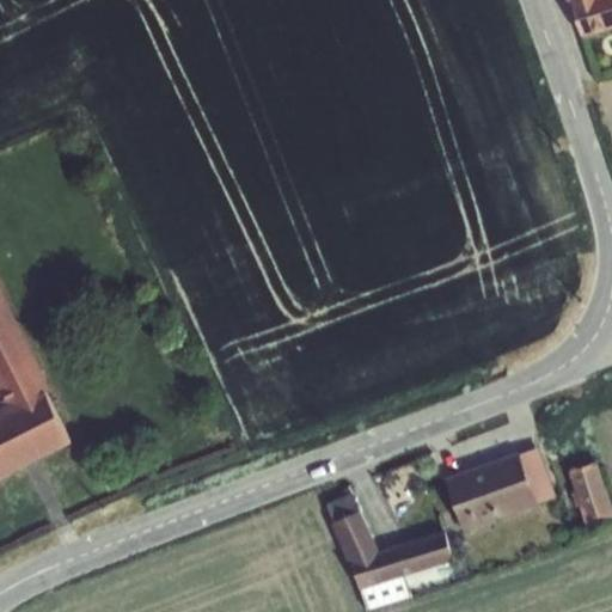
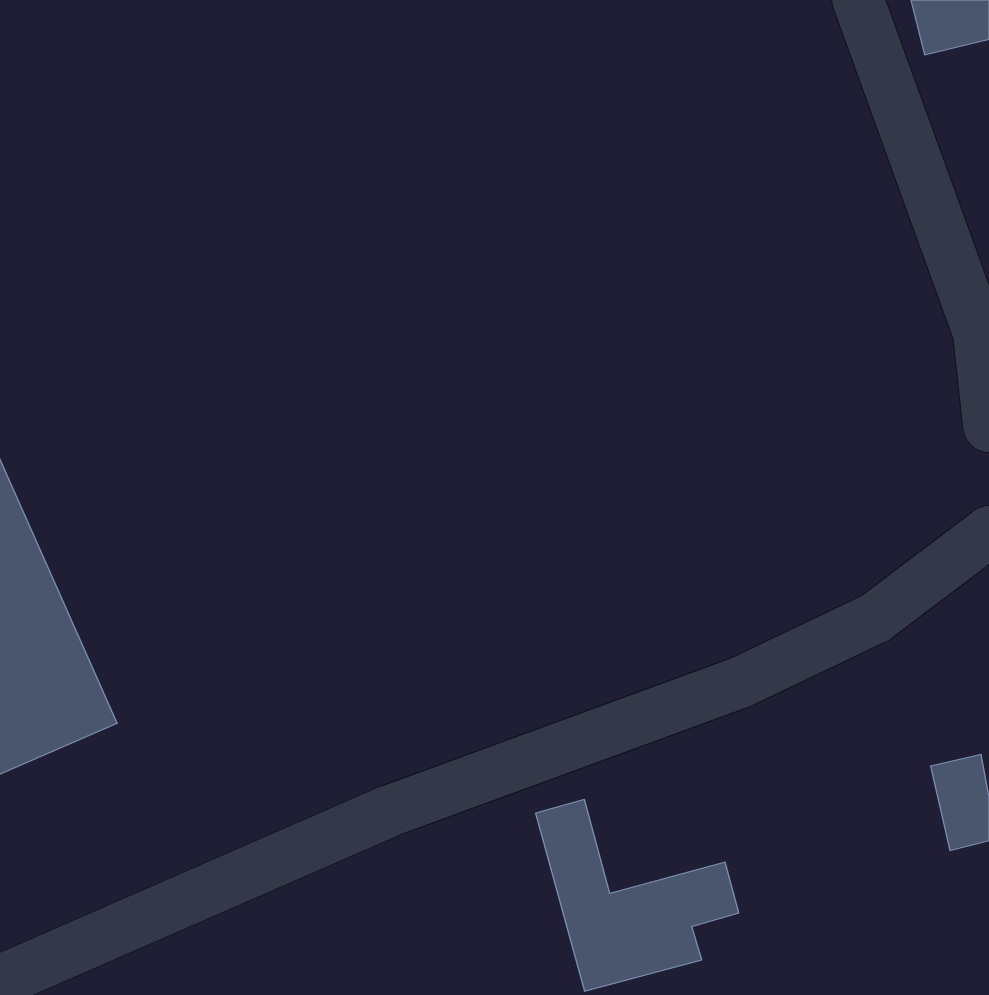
building: [441,443,556,532] -> none

